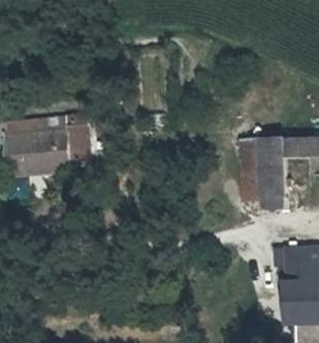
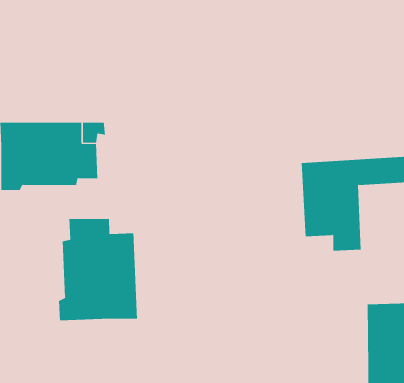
building: none -> [59,218,137,321]

